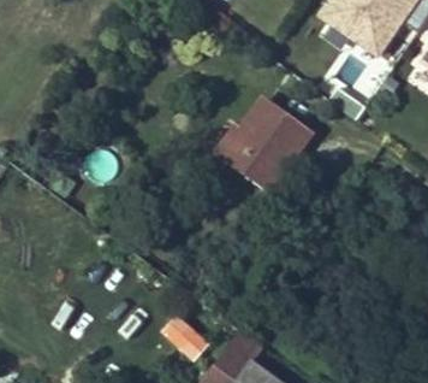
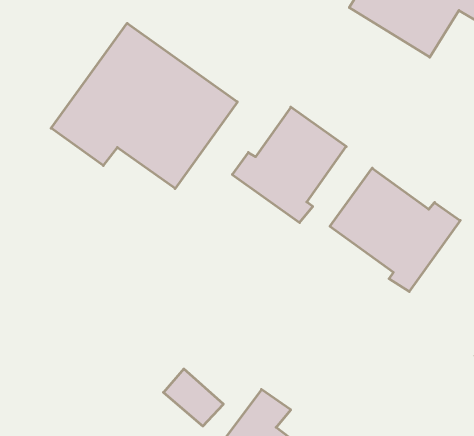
building: none -> [51,23,237,189]
building: none -> [330,168,460,292]

